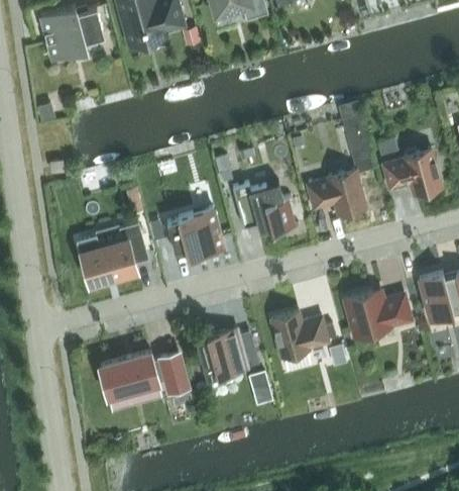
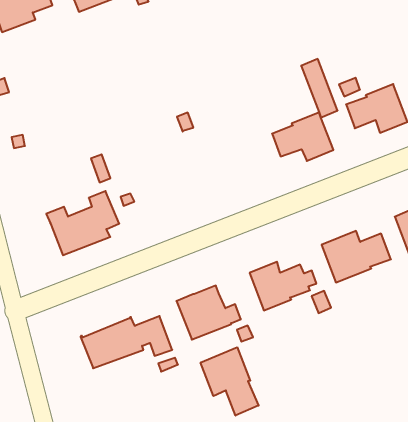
building: [232,182,299,233] -> none
building: [166,207,223,257] -> none
building: none -> [201,347,259,416]

